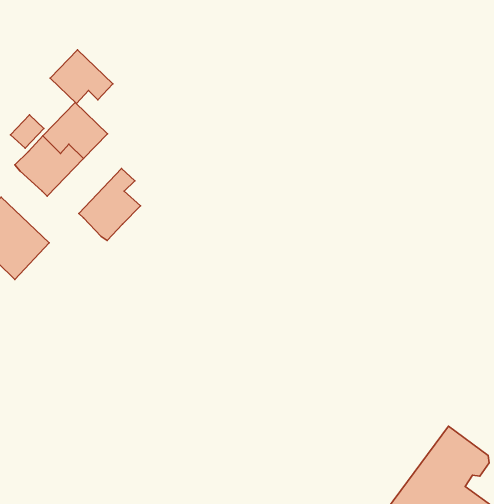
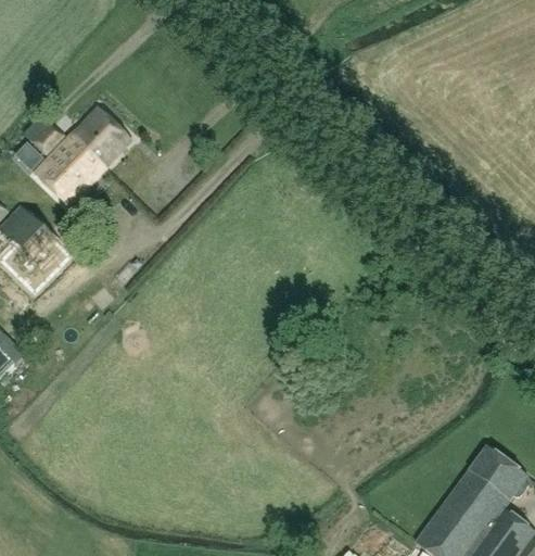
building: [50,50,113,104] -> none
building: [79,169,140,241] -> none

